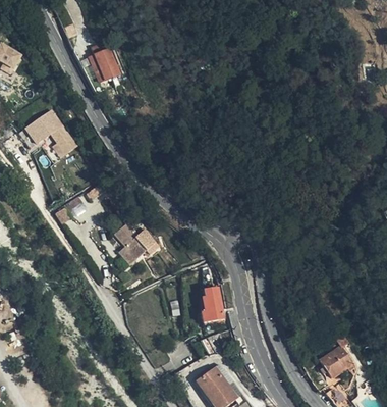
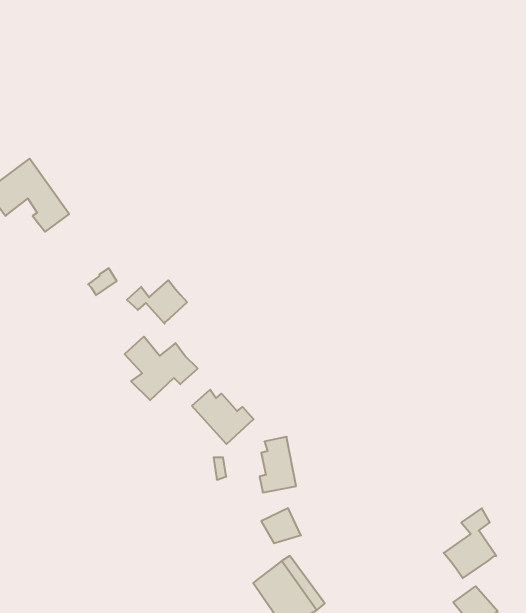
building: [88,43,118,84] -> none
building: none -> [127,280,187,324]
building: none -> [192,390,254,444]

